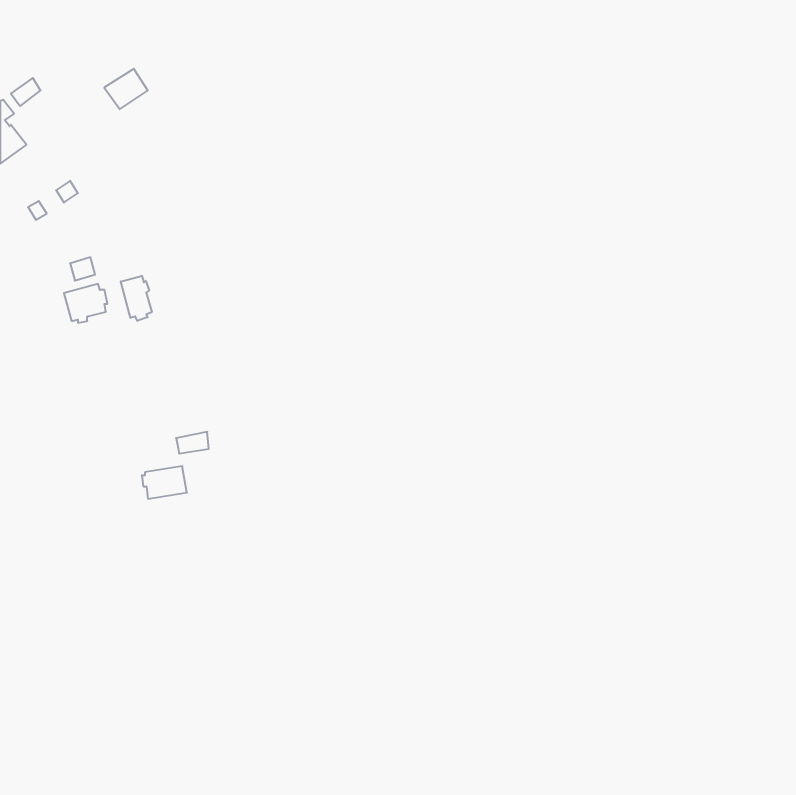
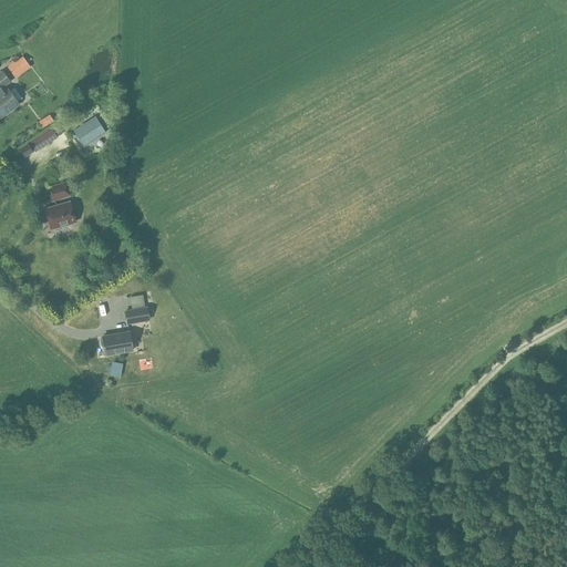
building: [104,69,148,109] -> [73,115,104,144]
building: [121,276,152,321] -> none

